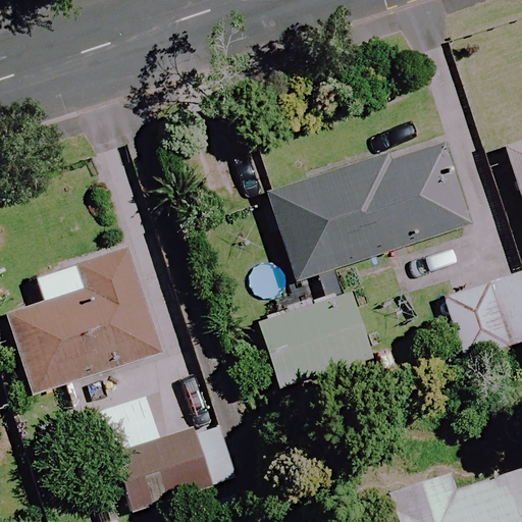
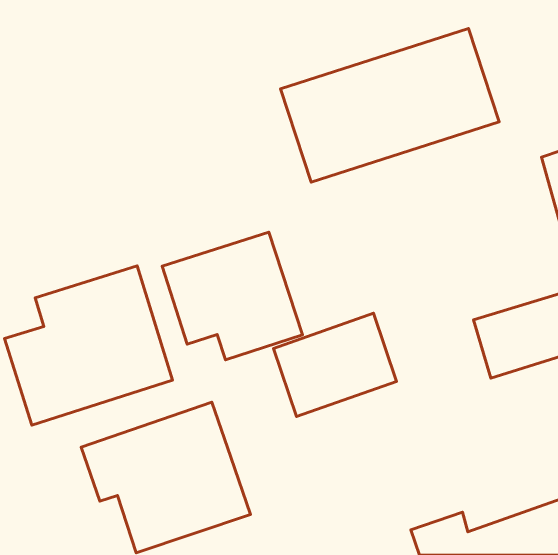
building: [267,138,470,280] -> [281,28,499,182]
building: none -> [162,232,303,360]

